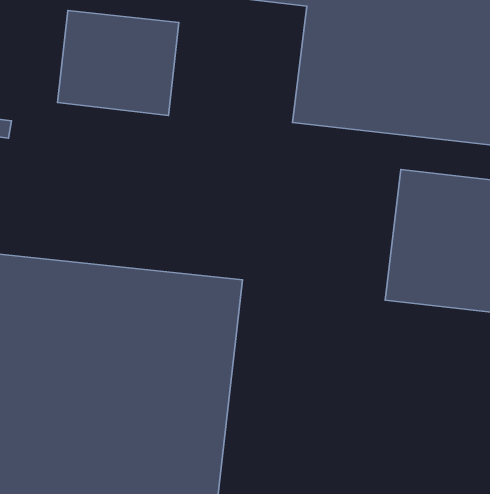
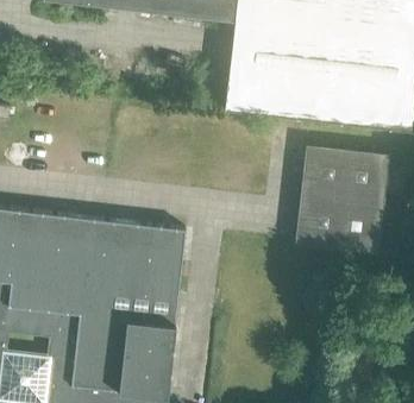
building: [57,11,179,115] -> none

